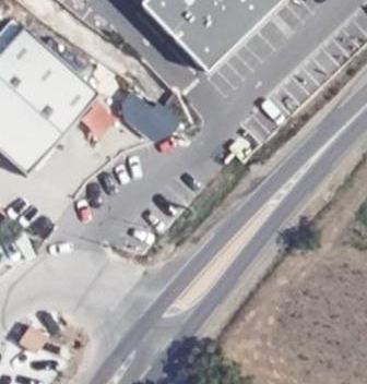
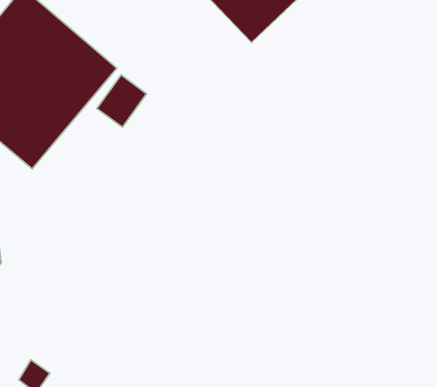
building: [118,91,180,145] -> none

